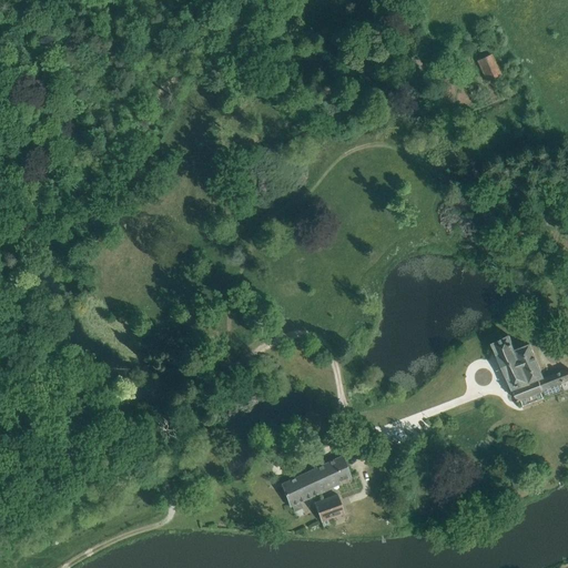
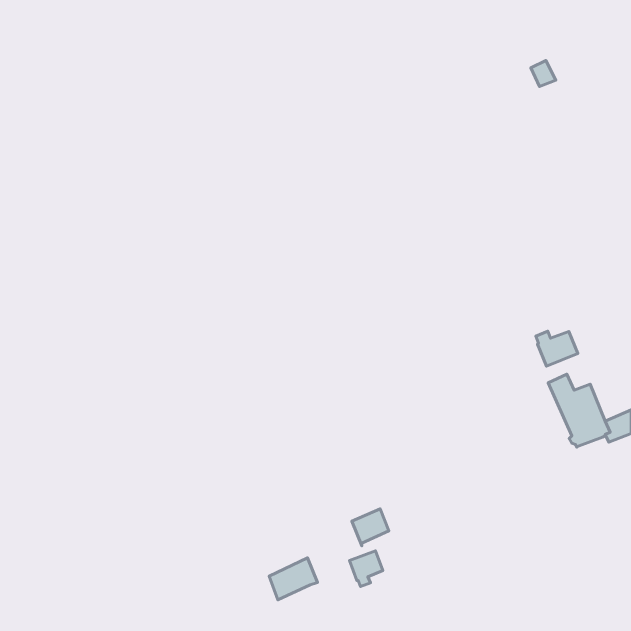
building: none -> [536,331,578,366]
building: [282,468,325,506] -> [269,558,317,600]

